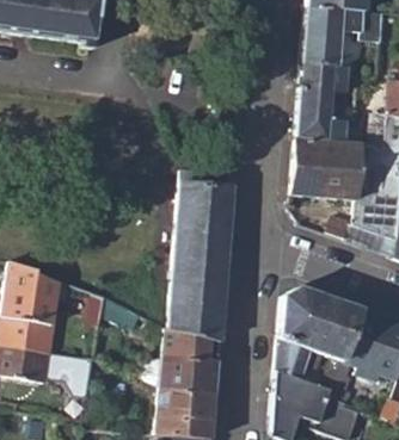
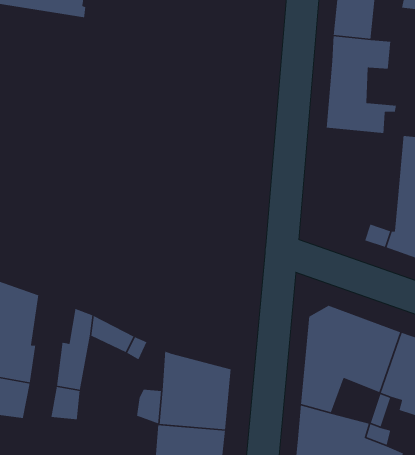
building: [293,138,363,200] -> none
building: [170,168,233,340] -> none

